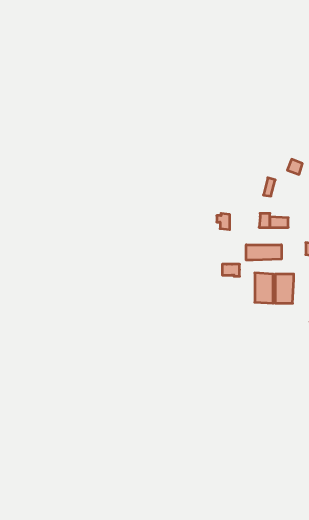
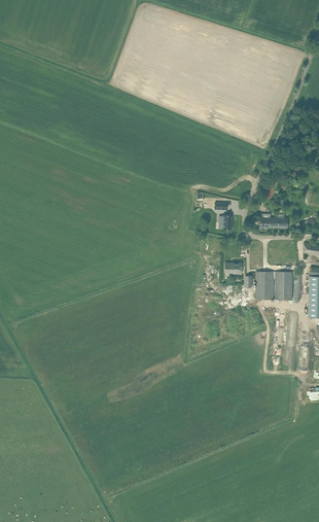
building: [246,245,281,260] -> none

